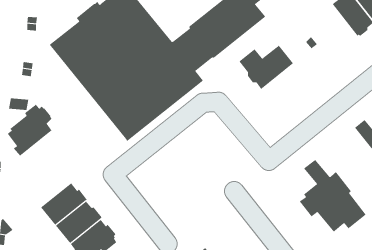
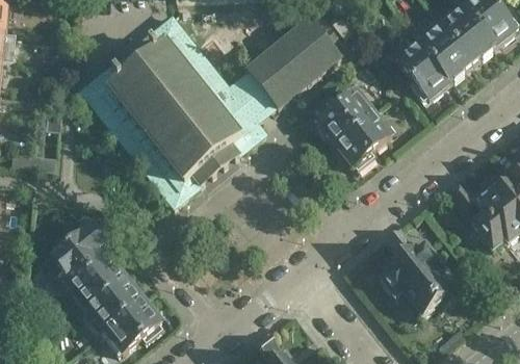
building: none -> [398,41,450,99]
building: none -> [335,111,392,167]
building: [7,104,53,156] -> [54,222,109,285]

